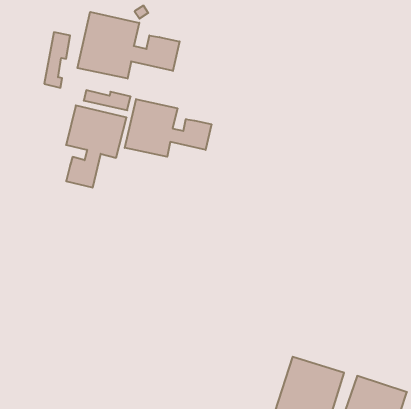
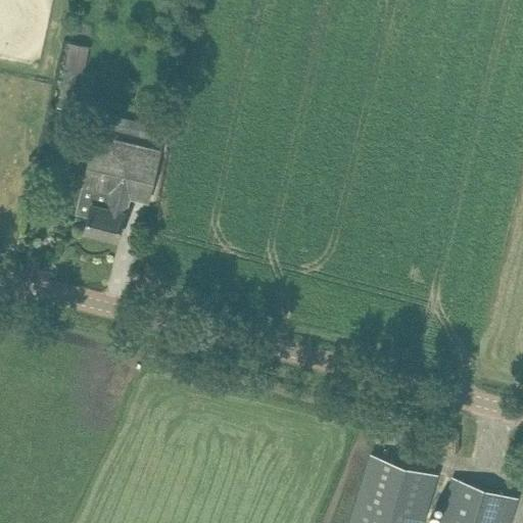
building: [77,12,180,79] -> none
building: [125,99,211,157] -> none

